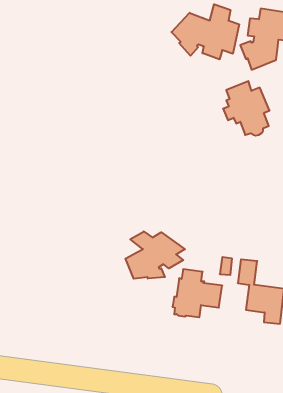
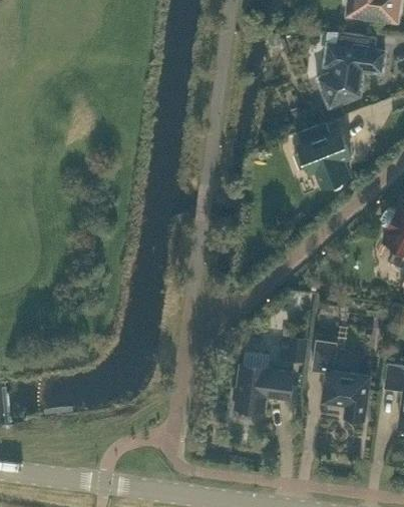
building: [171,4,239,59] -> none
building: [125,231,185,279] -> none

